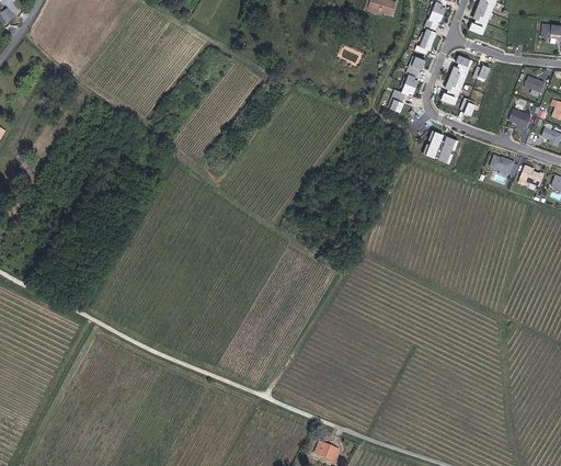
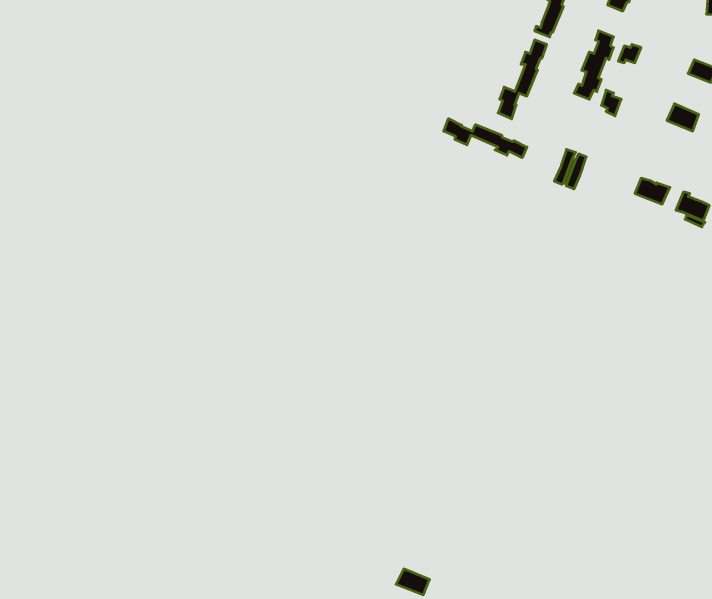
building: none -> [444,119,527,158]

